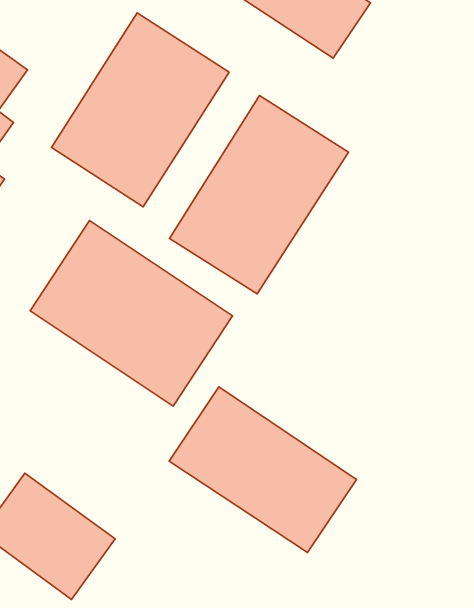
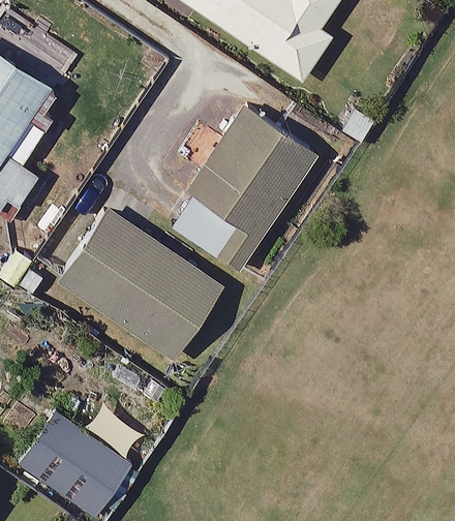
building: [51,13,229,207] -> none
building: [169,387,357,553] -> none

